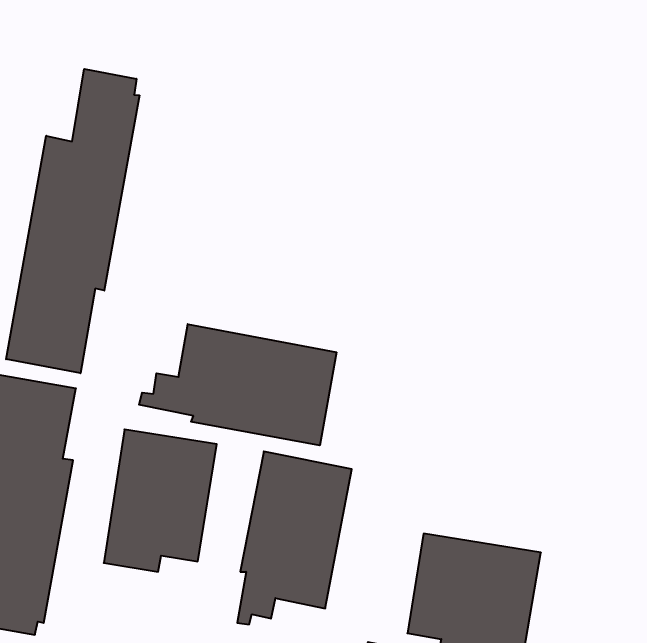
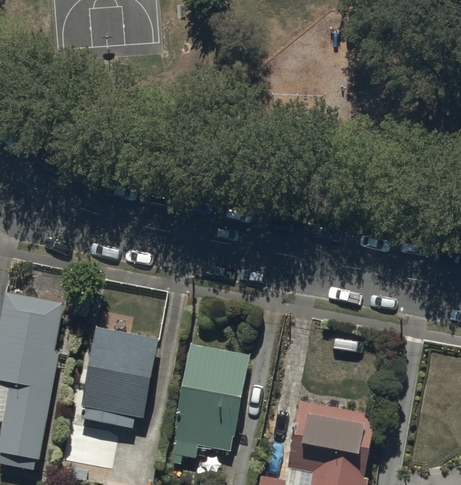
building: [6,69,139,373] -> none
building: [139,324,336,445] -> none

